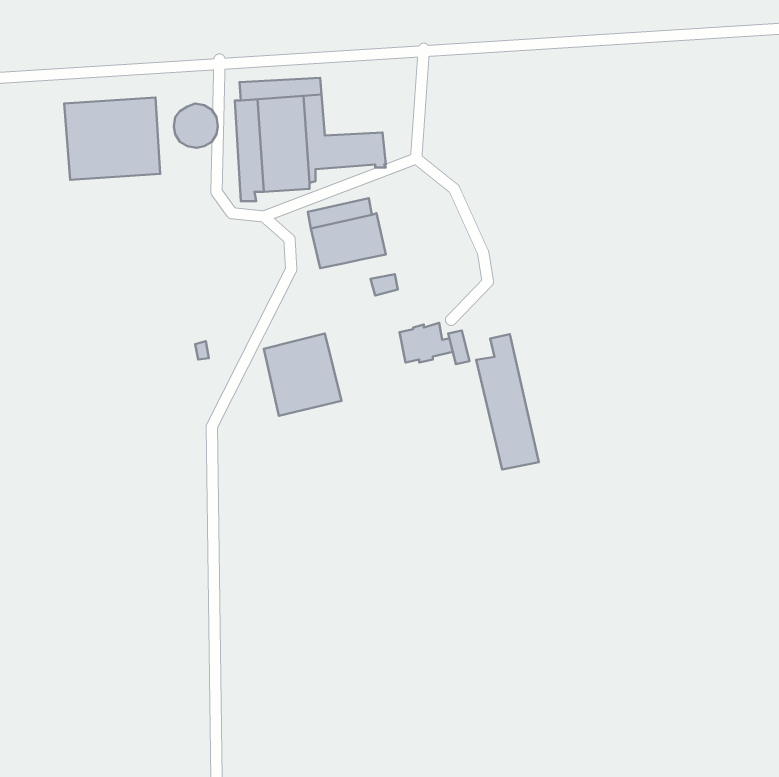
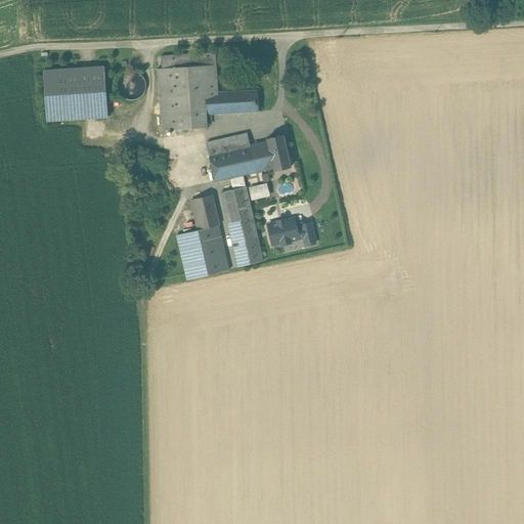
building: none -> [253,134,291,171]
building: none -> [190,193,219,229]
building: [476,334,539,470] -> [221,174,263,265]

